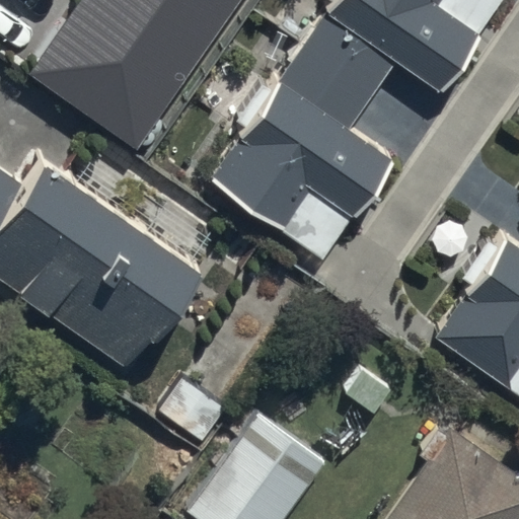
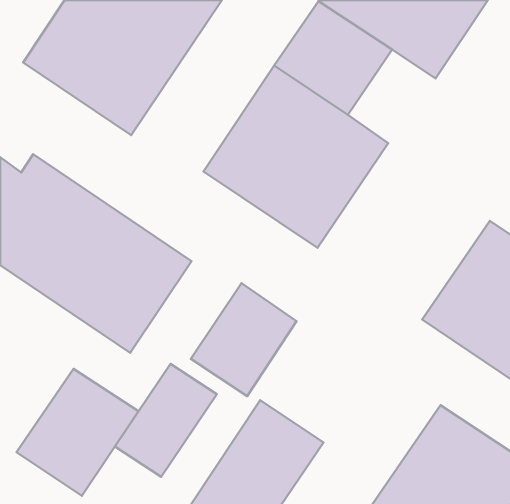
building: none -> [191,283,297,396]
building: none -> [16,369,139,496]

